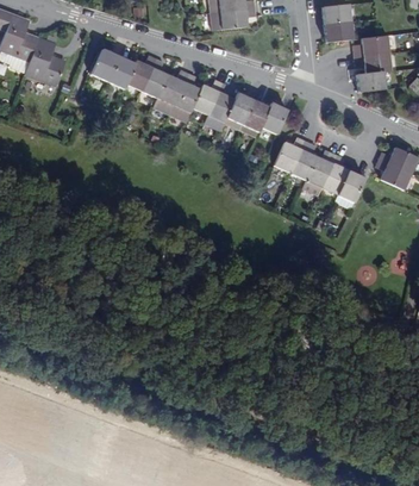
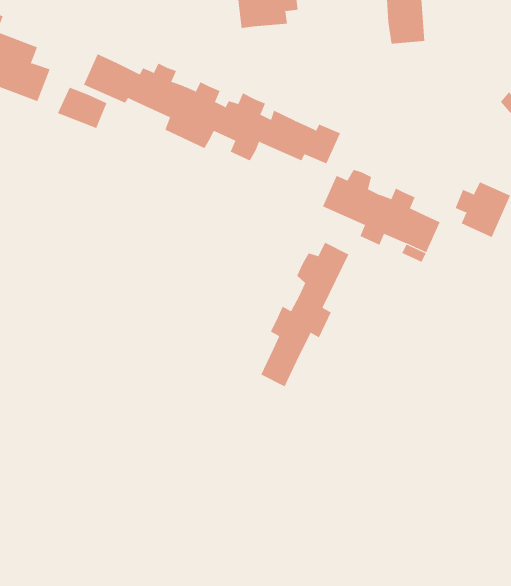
building: [354,35,392,92] -> none
building: none -> [57,87,107,129]
building: none -> [260,242,349,387]

